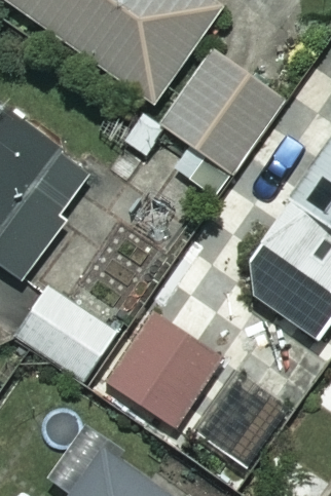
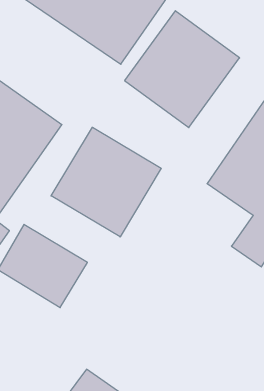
building: none -> [51,127,161,237]
building: [103,314,215,425] -> none

